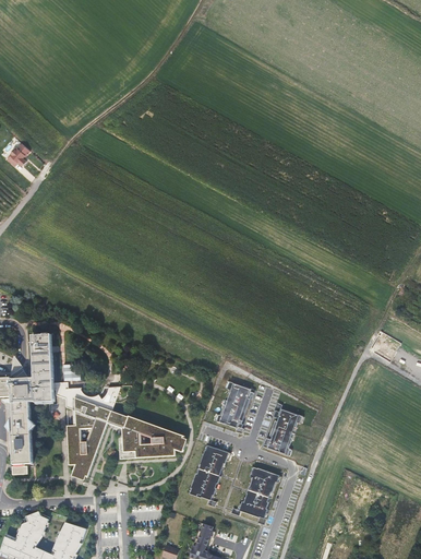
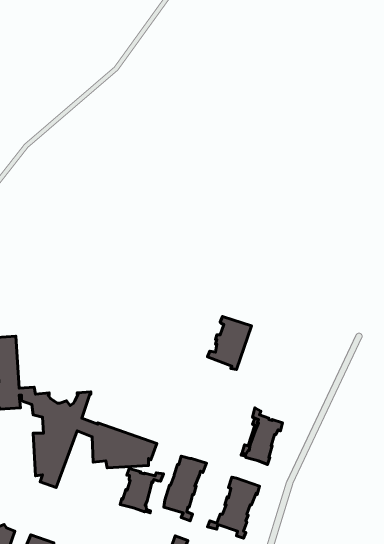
building: [212,382,253,432] -> [208,316,251,370]
building: none -> [120,468,163,513]

